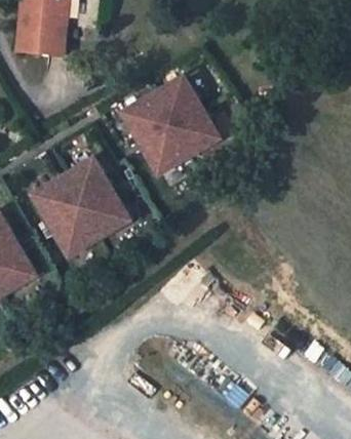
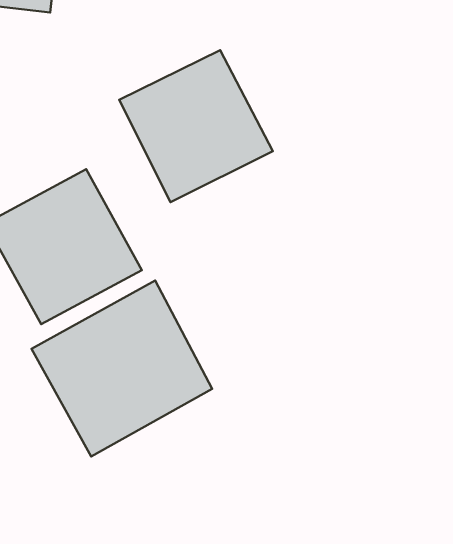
building: none -> [32,281,212,456]

